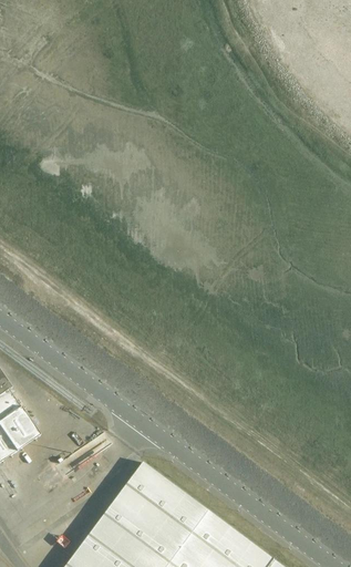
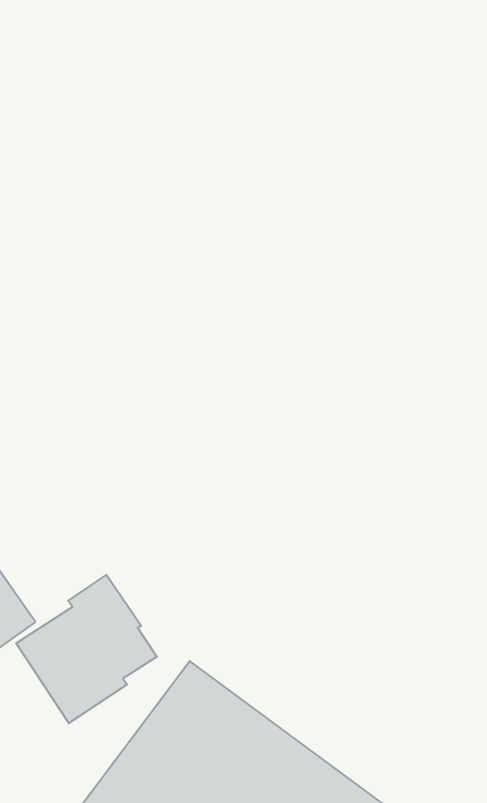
building: none -> [16,575,157,723]

